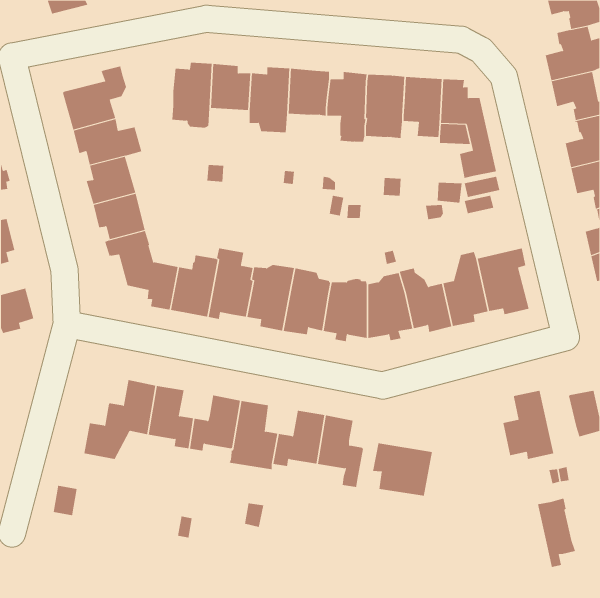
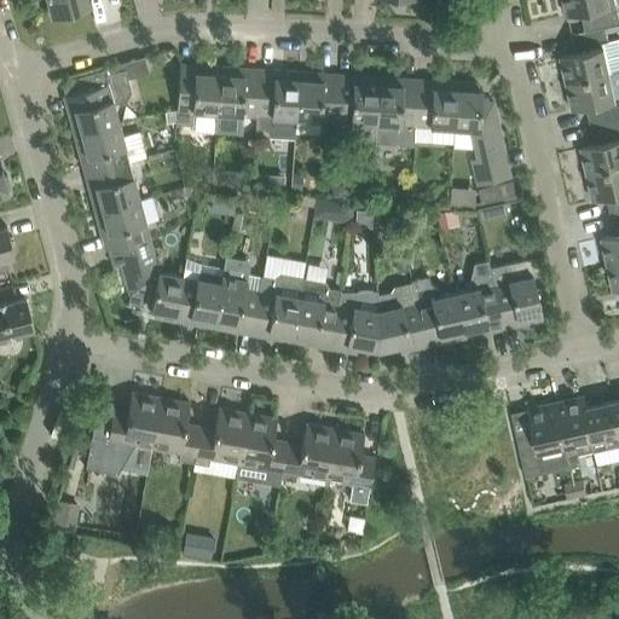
building: [372,443,433,497] -> none
building: [537,498,576,567] -> [556,398,596,469]

